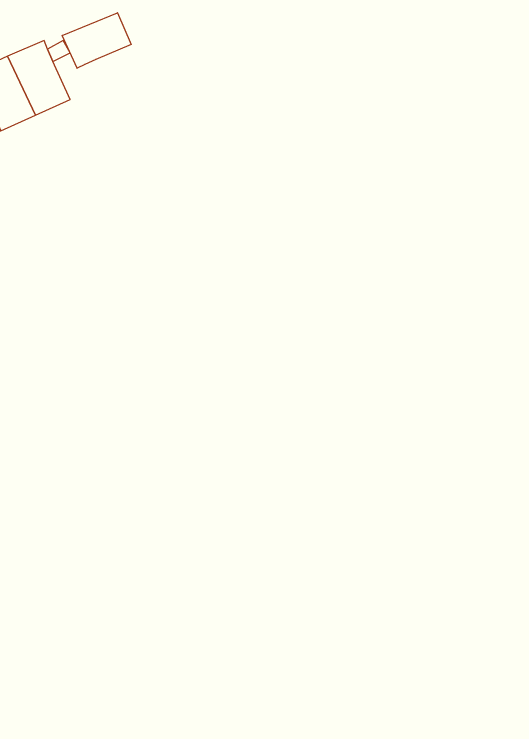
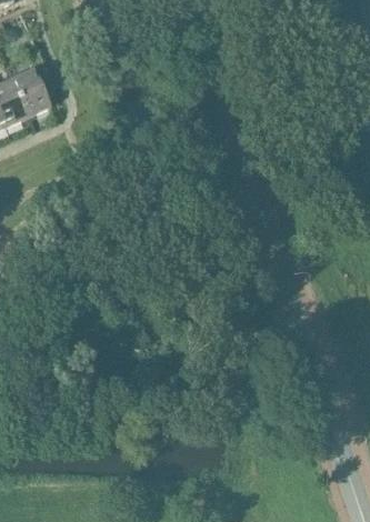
building: [62,13,131,68] -> none

